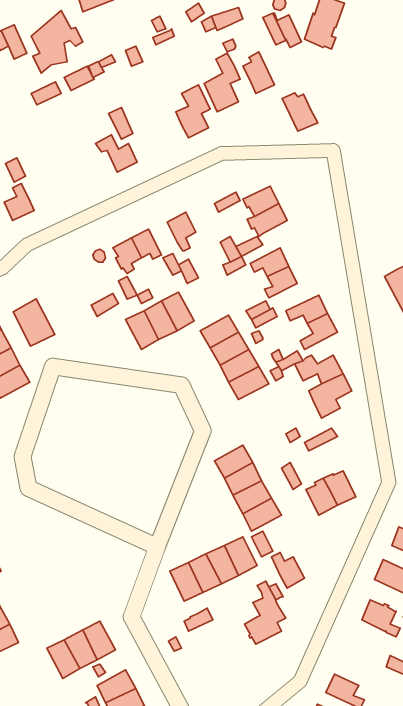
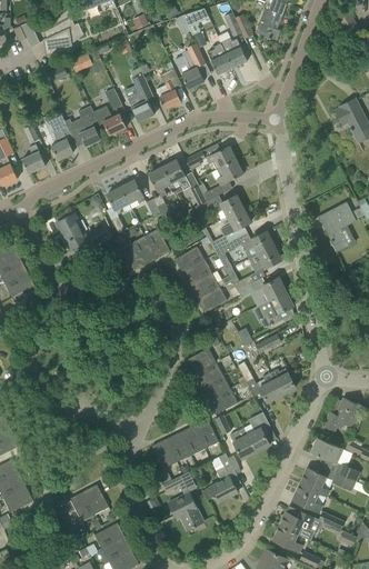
building: none -> [127,73,154,122]
building: [282,93,318,131] -> [220,38,248,68]
building: none -> [78,106,100,147]
building: none -> [48,114,73,160]
building: none -> [163,160,191,193]
building: [13,299,55,346] -> [57,213,89,250]
building: none -> [243,412,271,451]
building: none -> [292,483,323,512]
building: none -> [168,492,203,530]
building: none -> [279,510,315,540]

